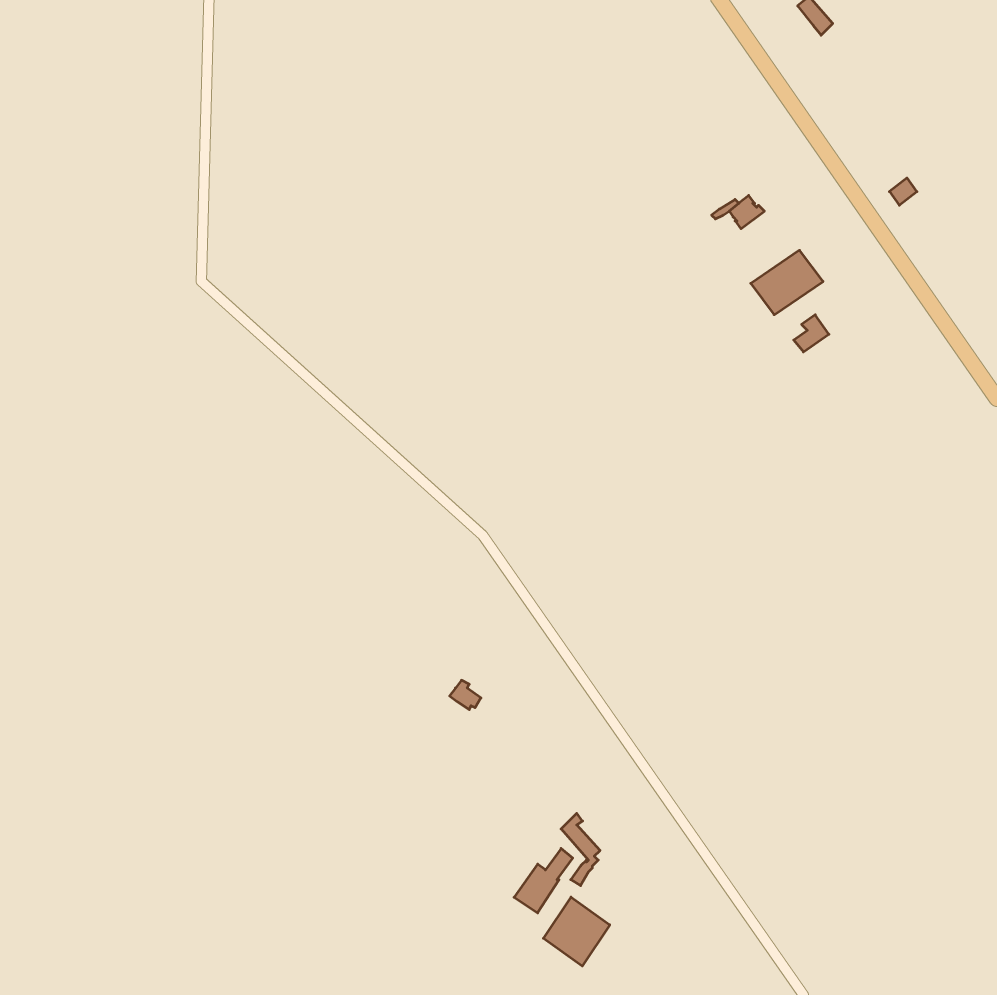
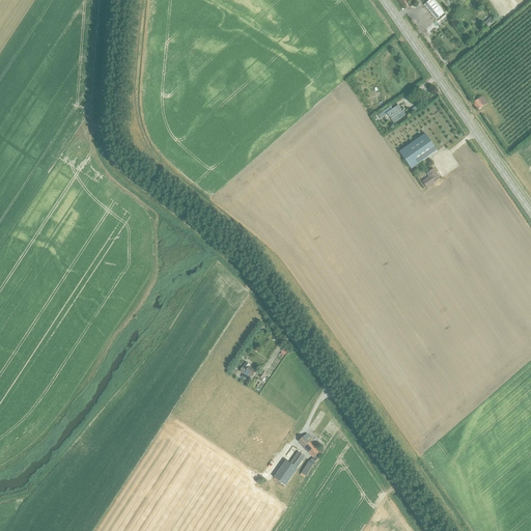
building: [543,897,610,966] -> none

